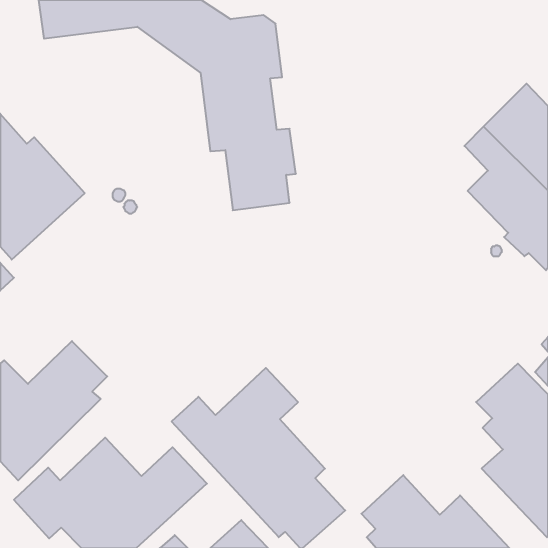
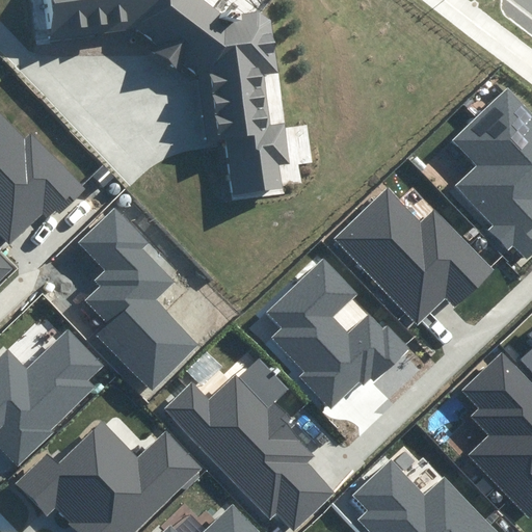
building: none -> [334,185,491,323]
building: none -> [82,206,201,392]
building: none -> [263,254,402,406]

